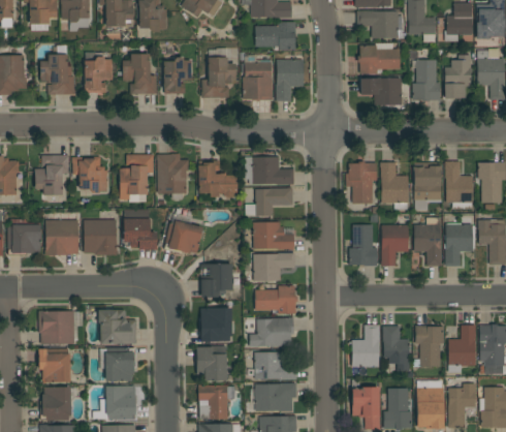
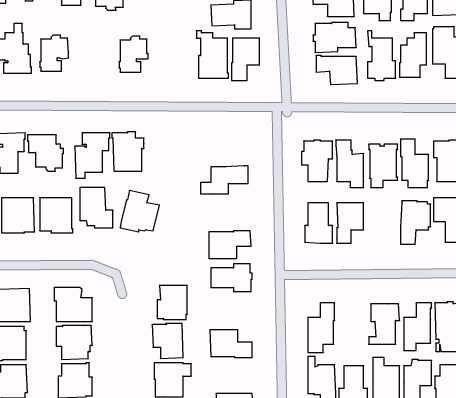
building: [122,55,157,94] -> none
building: [201,58,235,98] -> none
building: [245,157,293,185] -> none
building: [198,160,238,197] -> none
building: [413,218,442,267] -> none
building: [253,222,293,250] -> none
building: [200,265,242,298] -> none
building: [249,317,293,347] -> none
building: [382,327,410,371] -> none
building: [255,383,296,412] -> none

